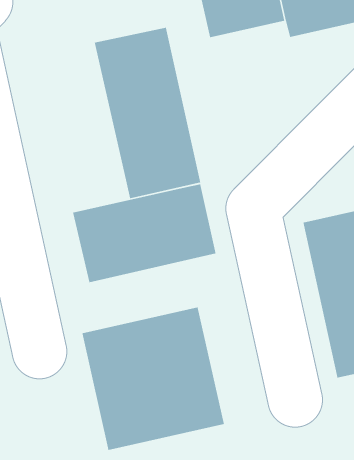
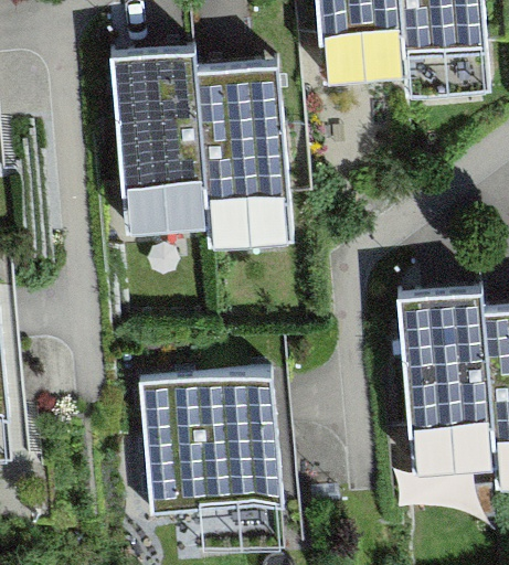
building: none -> [110,47,210,233]
building: [72,183,216,283] -> none

